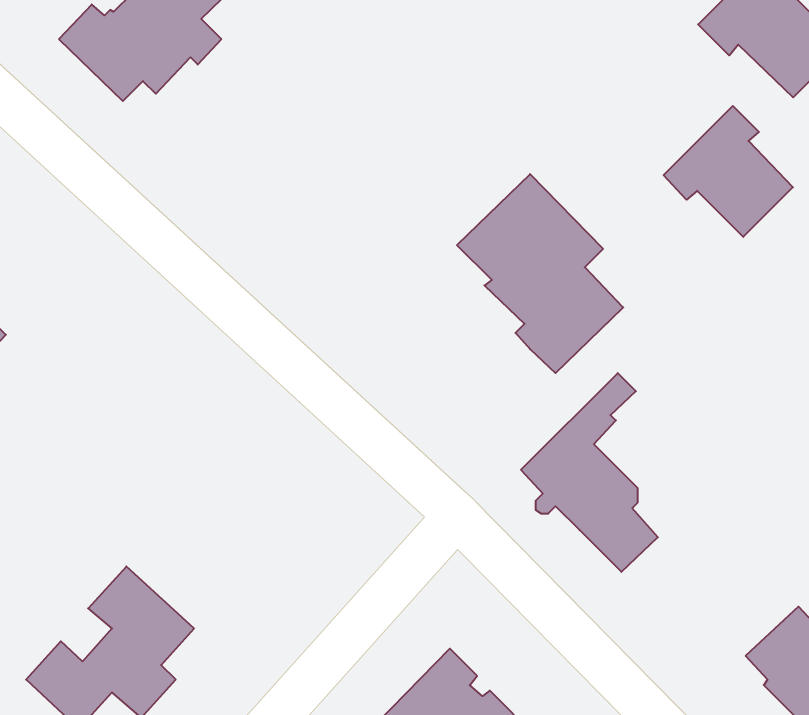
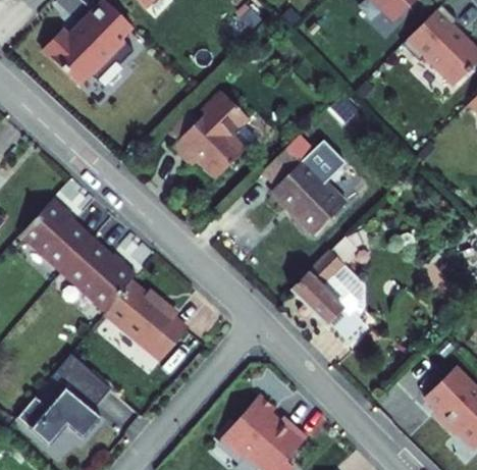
building: [664,106,793,237] -> none
building: none -> [162,98,257,188]
building: none -> [25,198,193,357]

